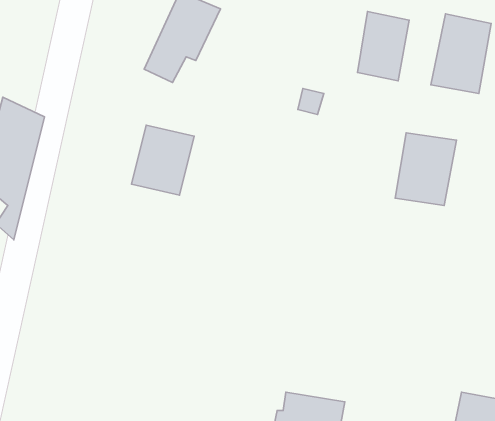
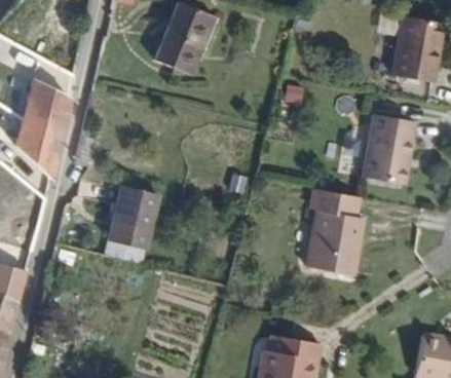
building: [357,12,409,81] -> none
building: [131,125,194,195] -> [113,189,165,248]
building: none -> [303,189,362,273]

